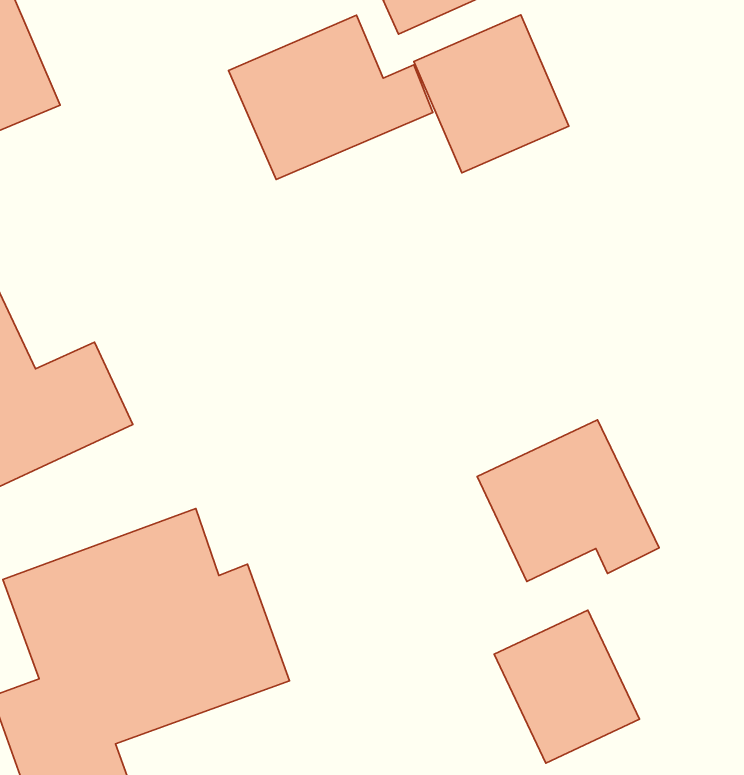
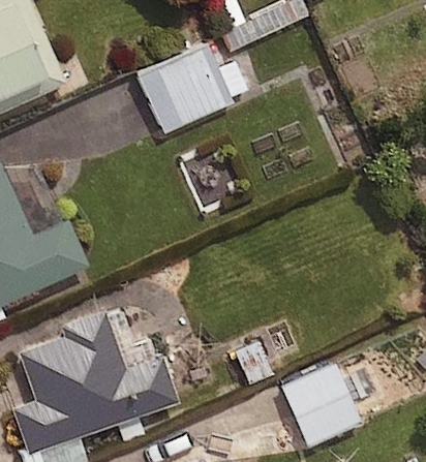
building: [414,15,569,173] -> none
building: [477,420,659,582] -> none

